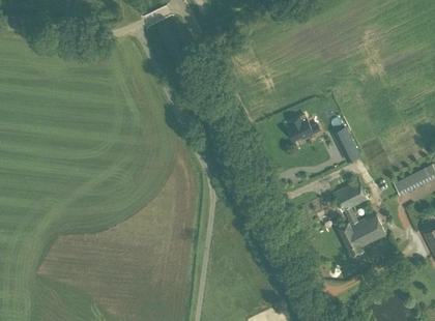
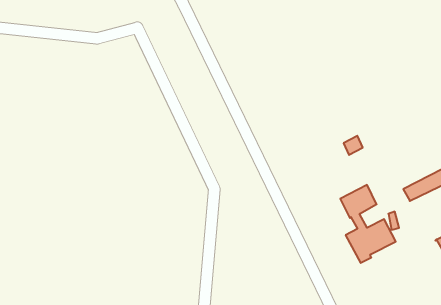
building: [286,117,319,142] -> none

